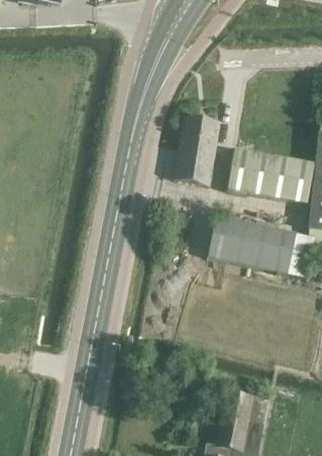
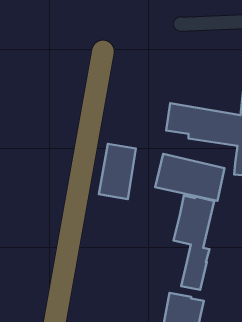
building: [174,114,220,184] -> [99,144,136,199]
building: none -> [173,195,214,290]

